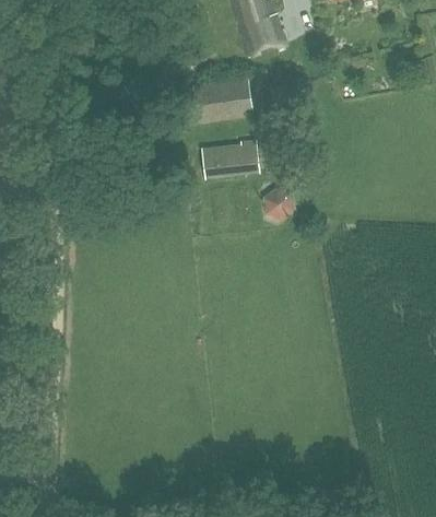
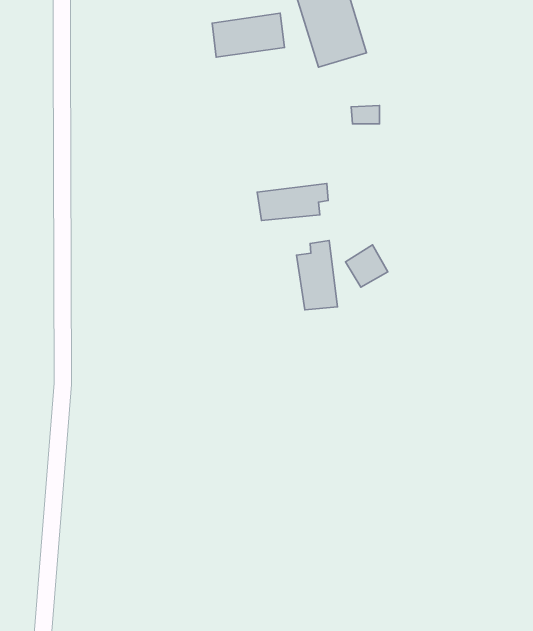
building: [193,78,249,111] -> [212,13,284,57]
building: none -> [296,241,337,310]

